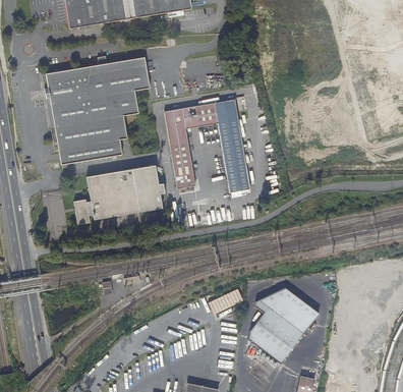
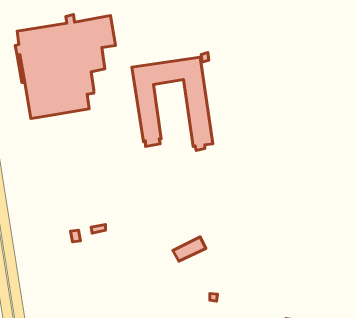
building: [73,165,164,224] -> none
building: [249,287,320,363] -> none

